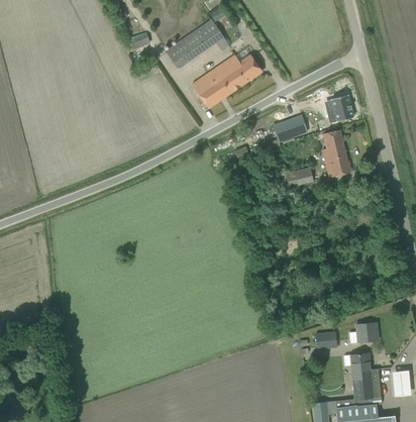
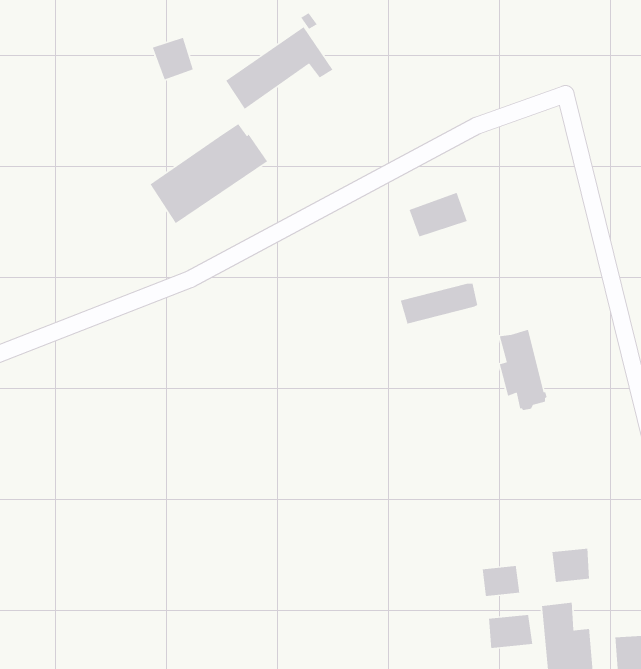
building: [194,48,263,107] -> [149,123,268,224]
building: [328,94,354,122] -> none
building: [323,129,351,177] -> [499,329,548,411]
building: none -> [488,614,533,649]

